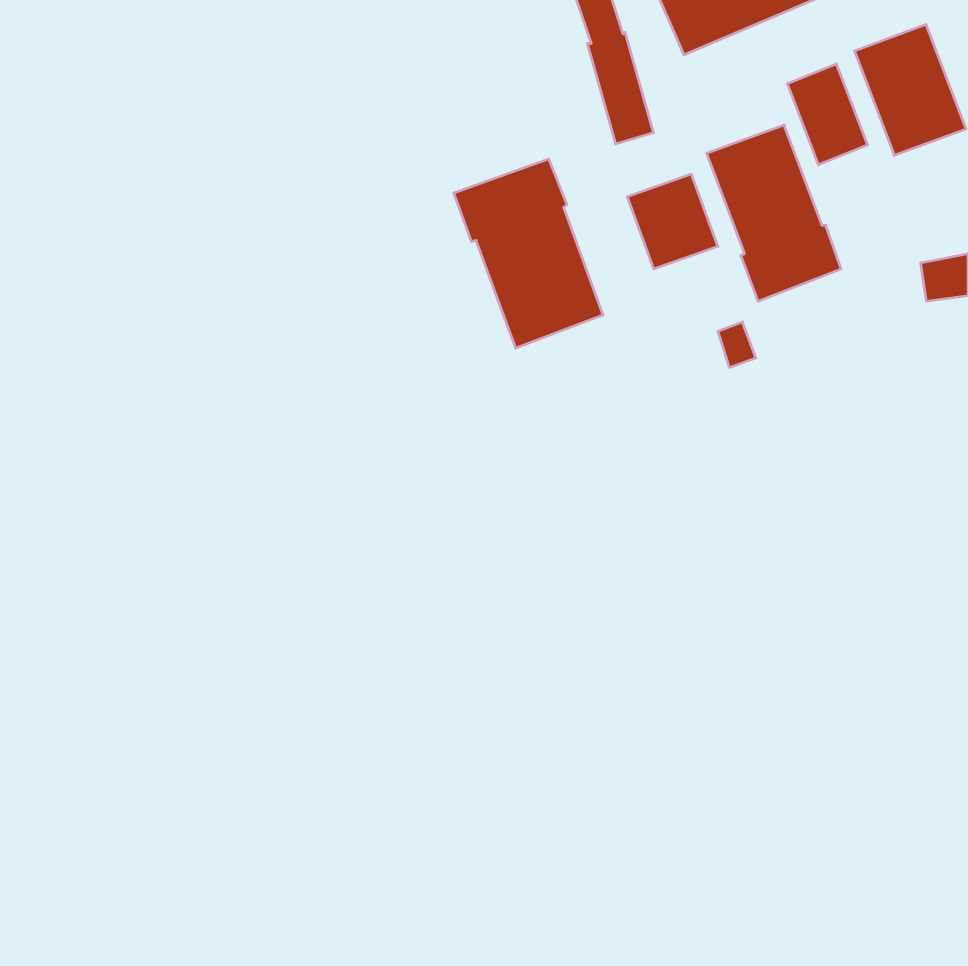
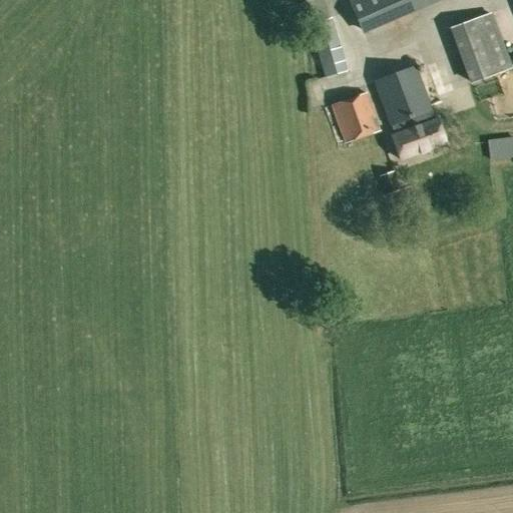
building: [788,64,867,165] -> none
building: [454,159,603,348] -> none

